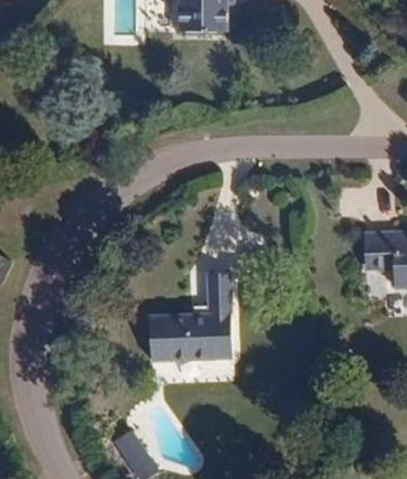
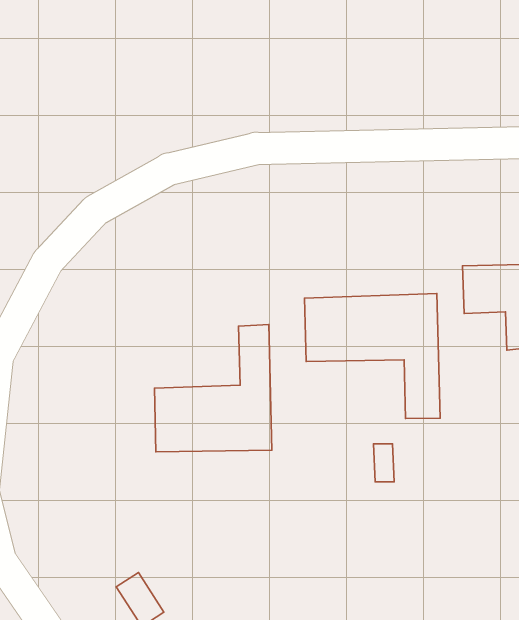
building: none -> [304,294,440,418]

